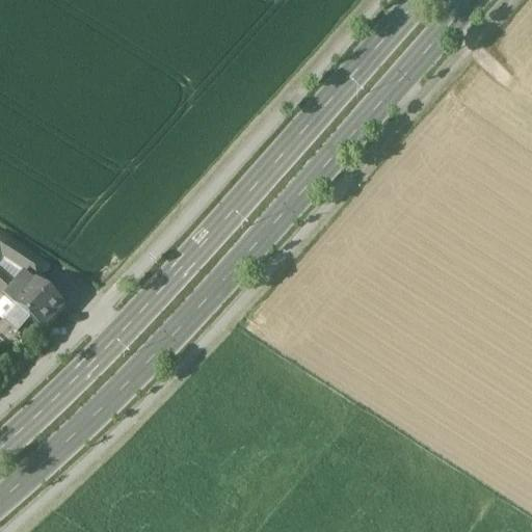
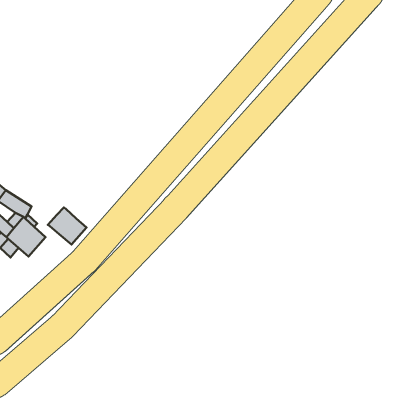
building: none -> [48,208,87,245]

